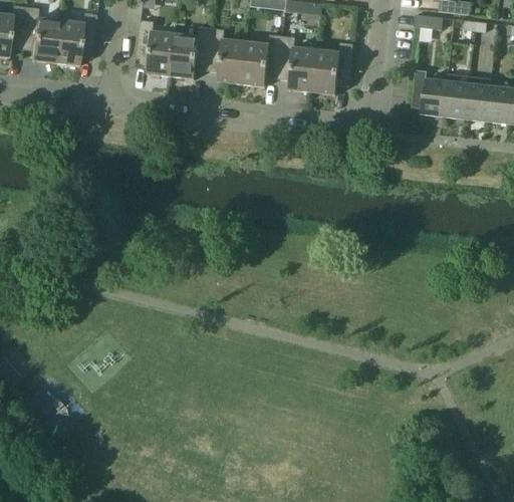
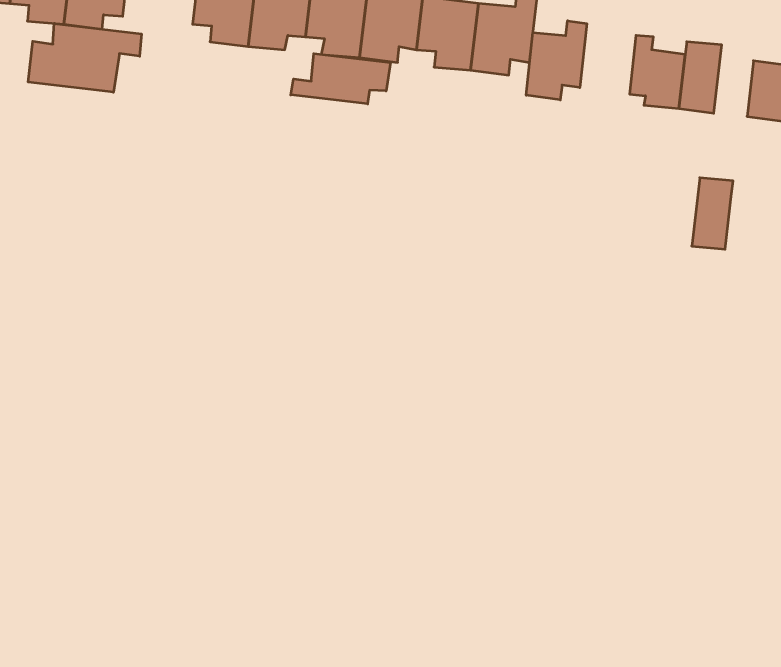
building: none -> [526,21,587,100]
building: none -> [28,23,141,92]
building: [465,75,491,120] -> [692,178,733,249]
building: none -> [291,54,391,104]

